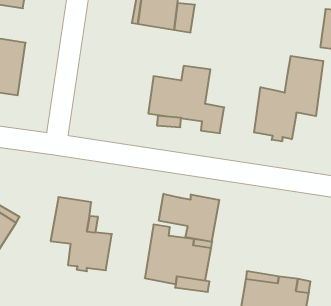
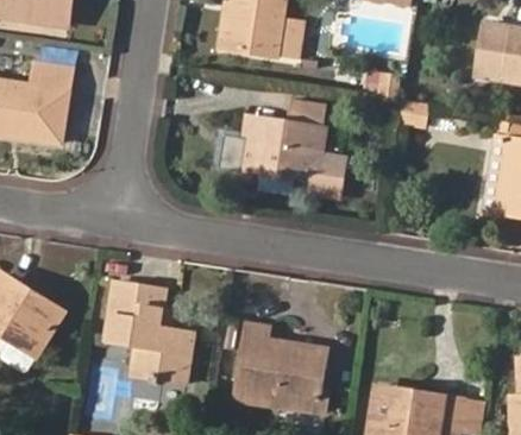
building: [254,56,323,141] -> none
building: [159,194,219,242] -> none

